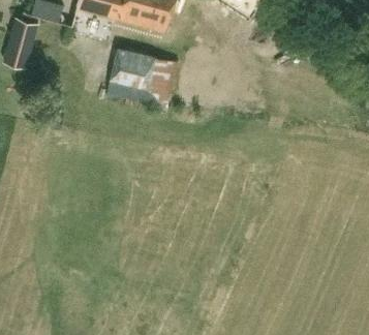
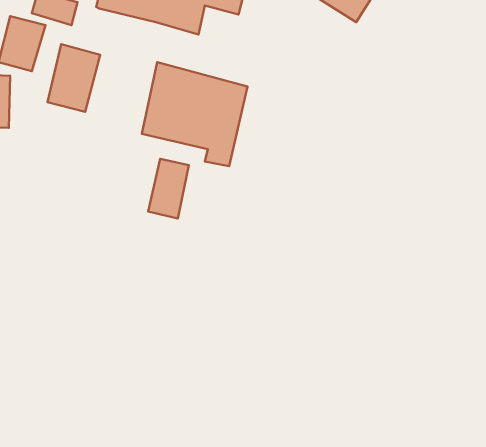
building: none -> [47,44,100,112]
building: none -> [148,159,189,218]

